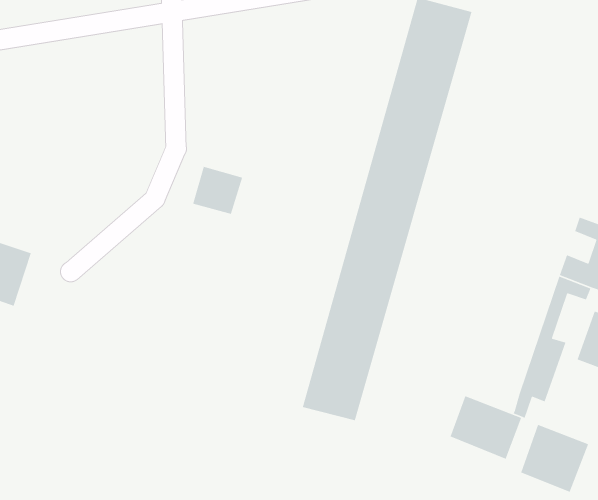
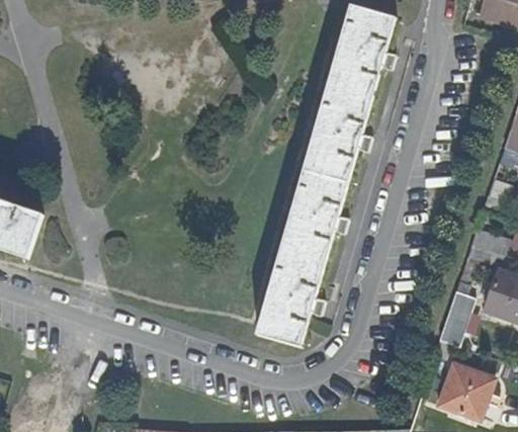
building: [192,166,243,215] -> none
building: [450,395,522,460] -> none

